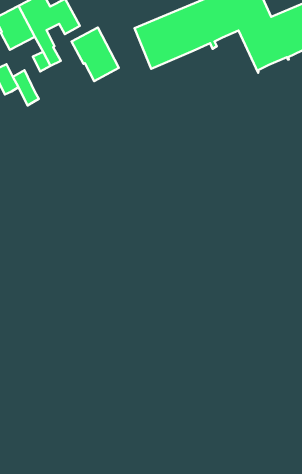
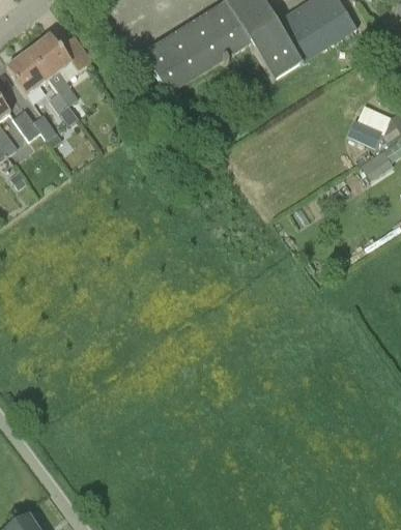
building: [72,28,119,81] -> none

